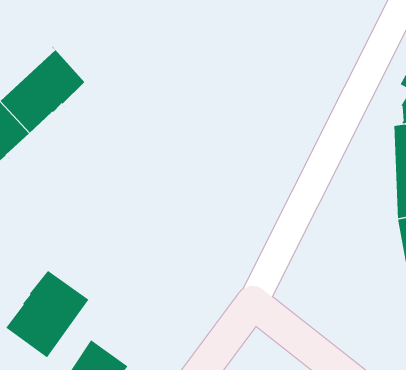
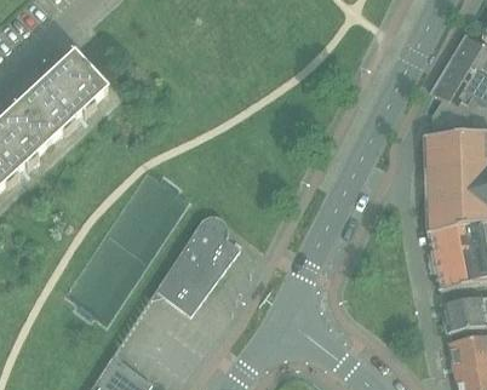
building: none -> [155,216,240,316]
building: [5,270,94,362] -> none

